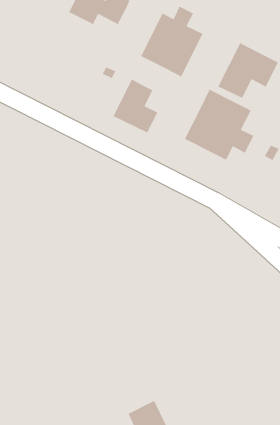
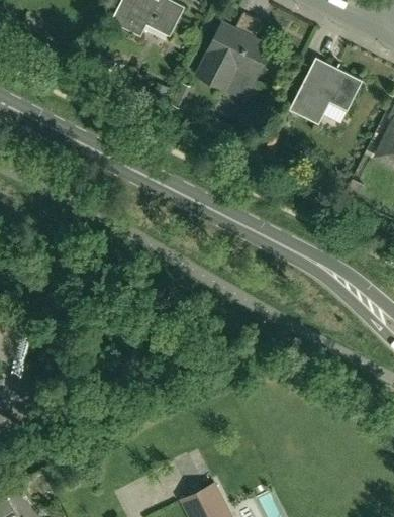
building: [112,78,158,134] -> none
building: [184,89,255,161] -> none

